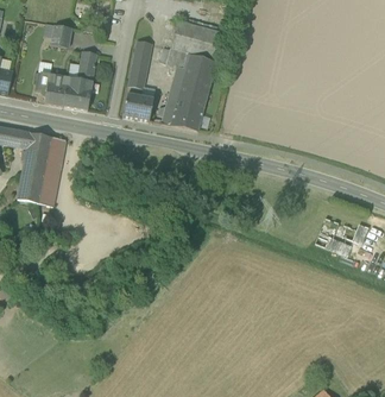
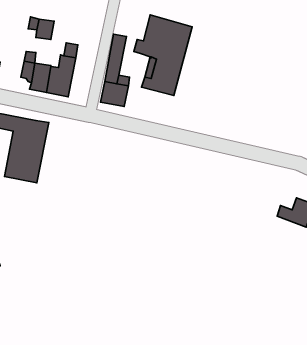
building: [158,99,203,130] -> none

